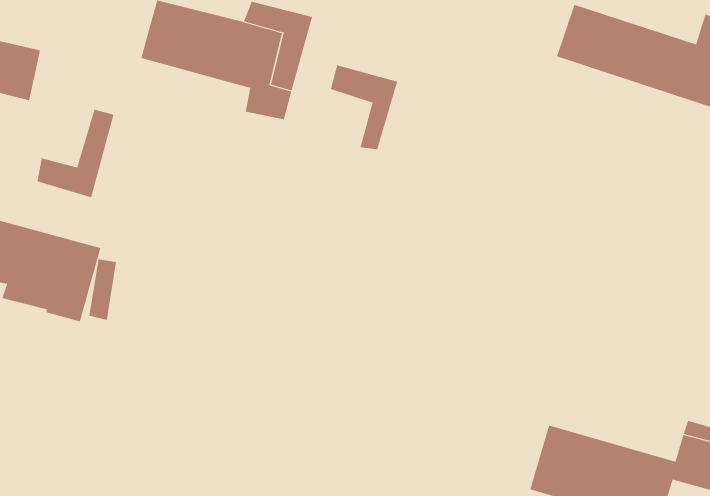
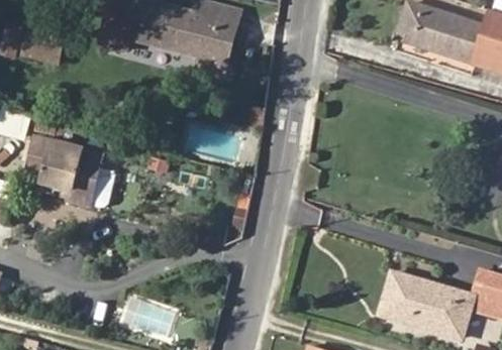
building: [330,64,398,150] -> none
building: [37,109,114,198] -> none

